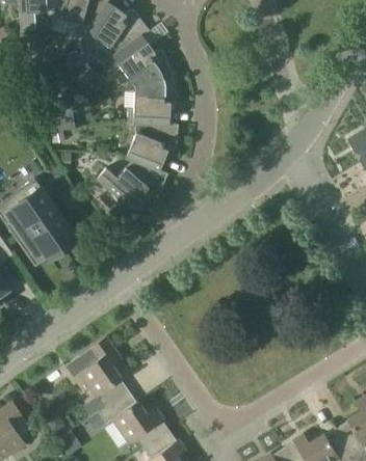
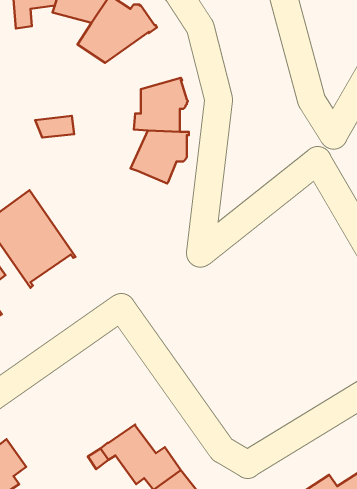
building: [100,34,171,86] -> none
building: [96,160,167,212] -> none
building: [64,335,129,406] -> none

